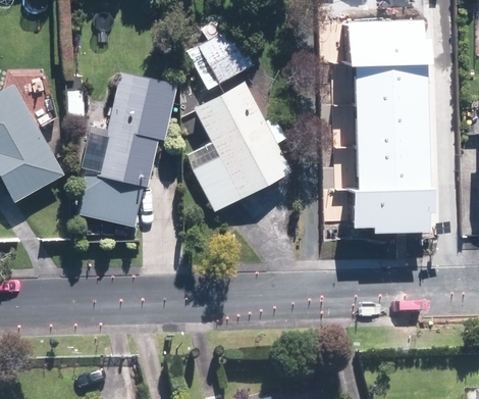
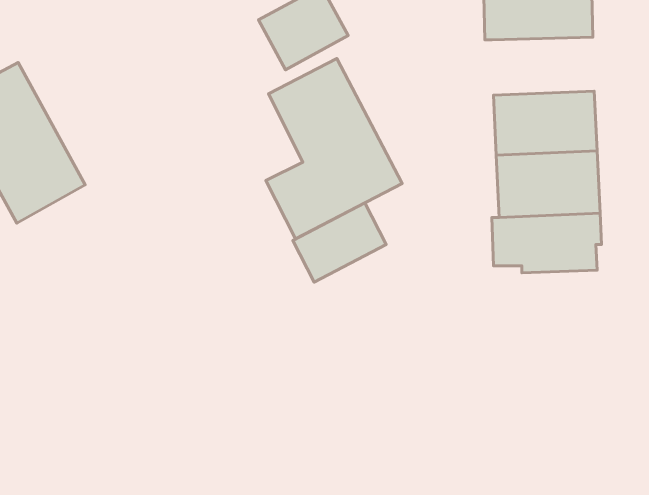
building: [355,65,428,107] -> none
building: [78,71,174,226] -> none
building: none -> [293,203,386,282]

